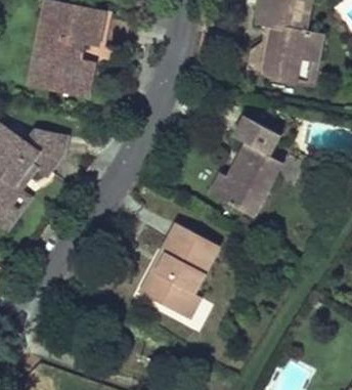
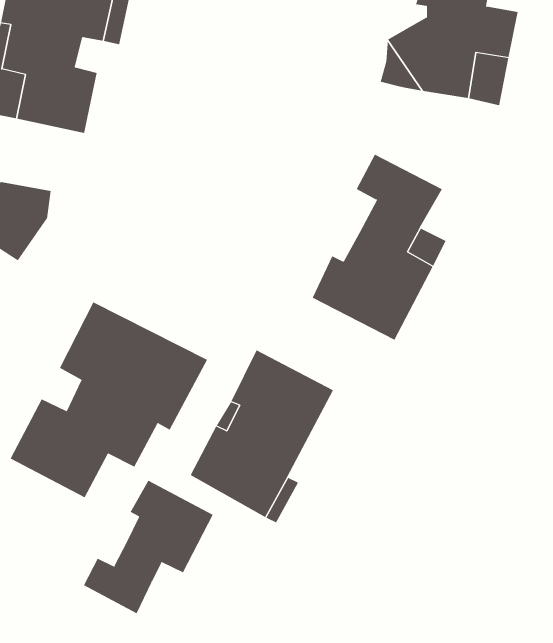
building: none -> [10,301,208,498]
building: none -> [83,480,213,614]

